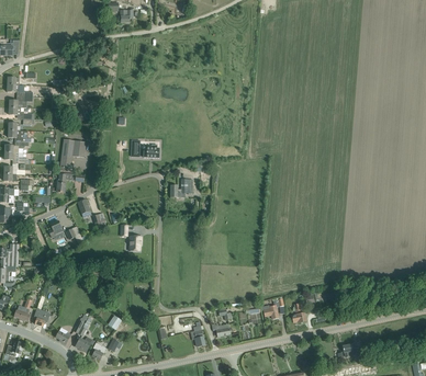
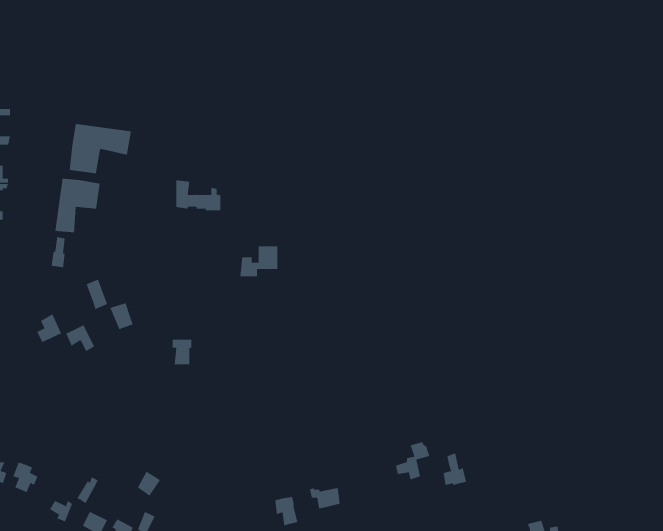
building: none -> [69,123,131,174]

